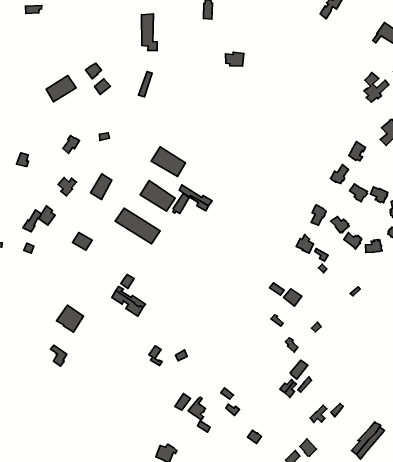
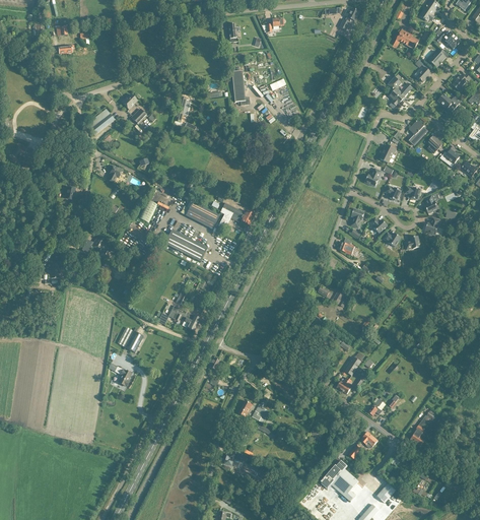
building: [142,14,157,51] -> [230,70,249,106]
building: [151,147,186,177] -> none

